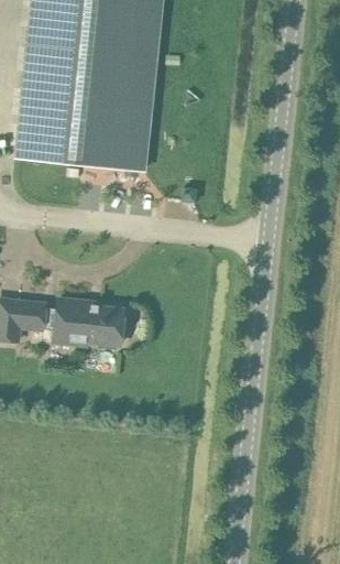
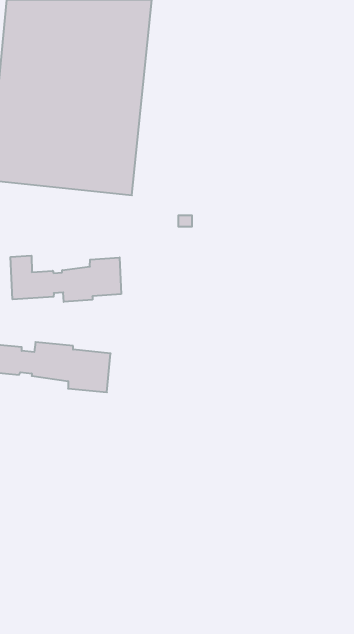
building: none -> [11,256,121,302]

